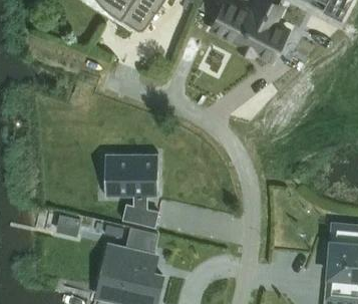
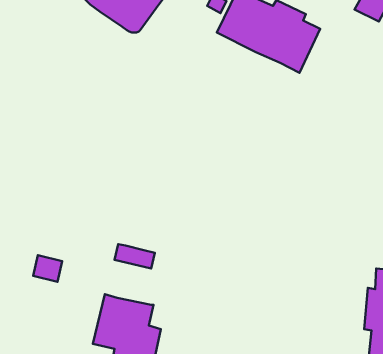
building: [104,155,155,195] -> none
building: [124,228,157,256] -> none

